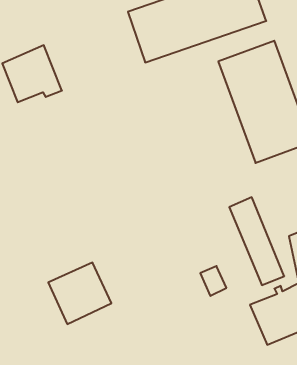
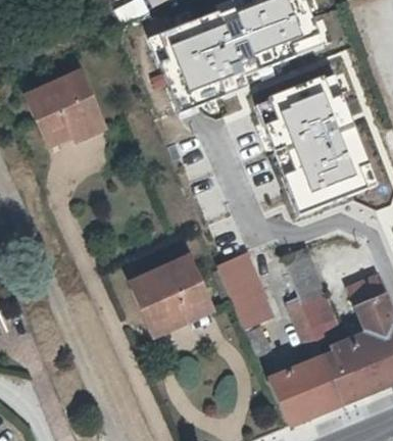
building: none -> [217,250,274,326]
building: [48,263,111,324] -> [135,262,206,332]
building: none -> [259,365,322,429]

